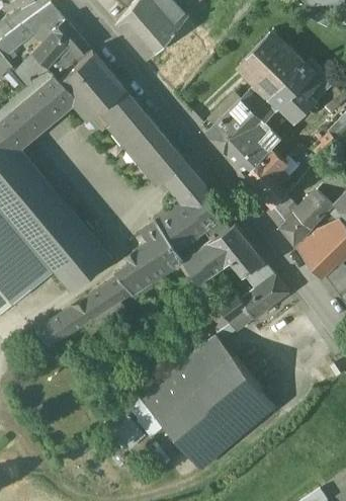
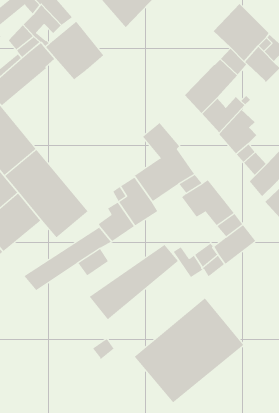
building: [104,90,184,184] -> none
building: [180,245,224,285] -> none
building: [136,336,234,419] -> [89,244,179,320]

